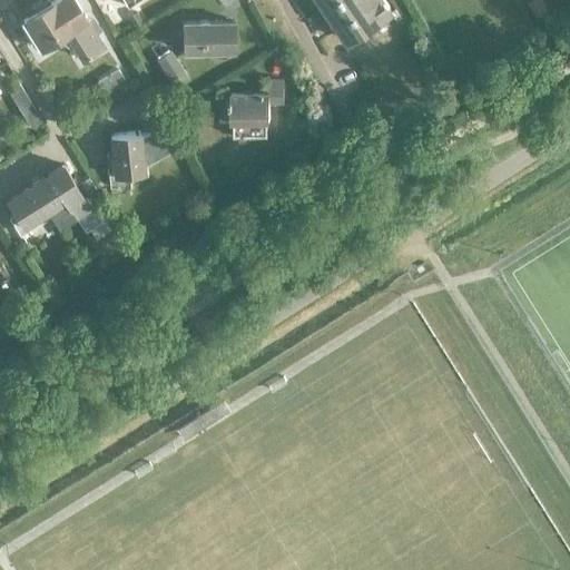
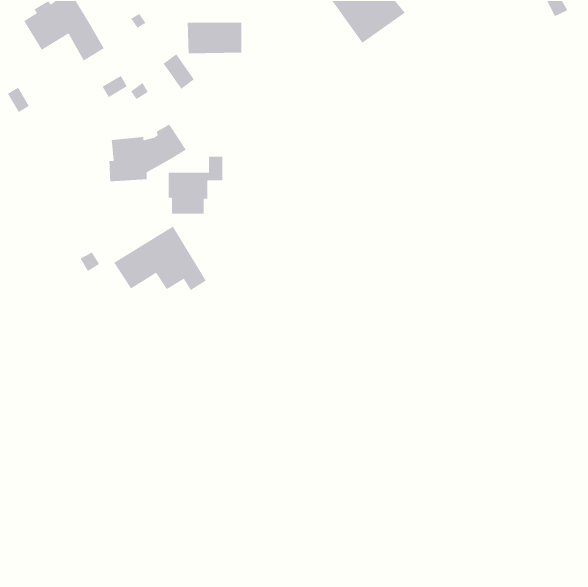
building: [232,81,285,138] -> [168,156,223,215]
building: [6,166,96,229] -> [113,226,207,291]

